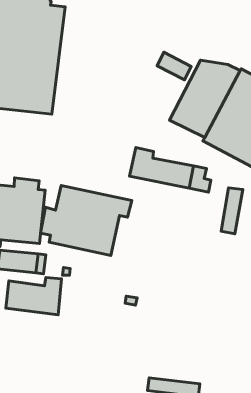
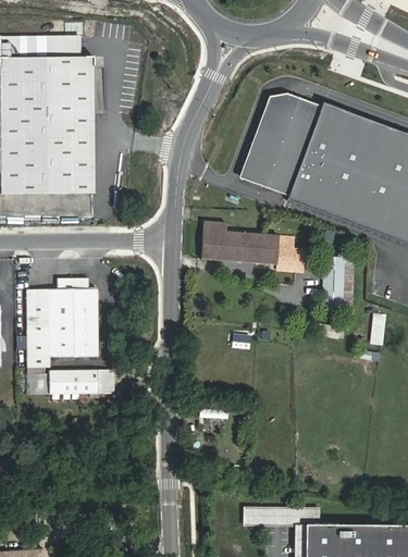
building: [157,52,191,80] -> none
building: [41,186,132,255] -> none
building: [6,277,62,315] -> none

